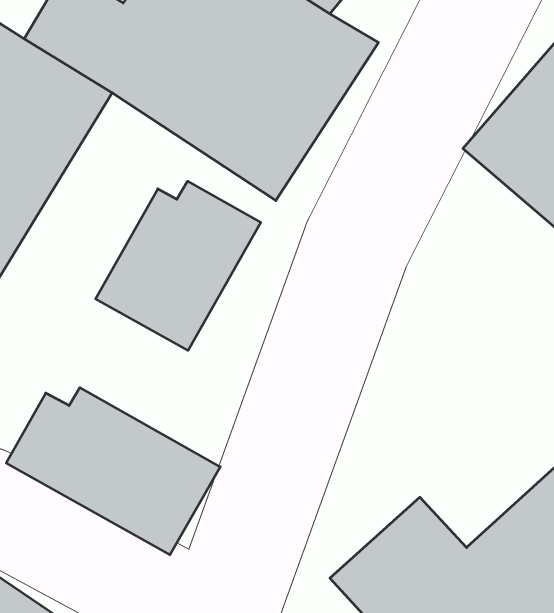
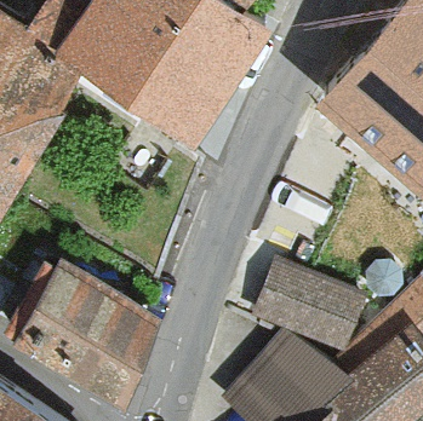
building: [96,181,261,350] -> none
building: none -> [255,266,362,353]

